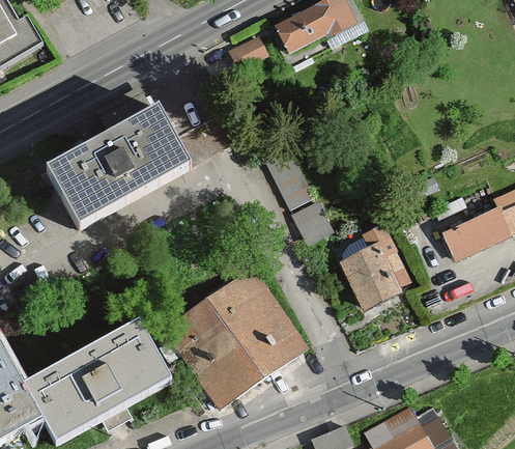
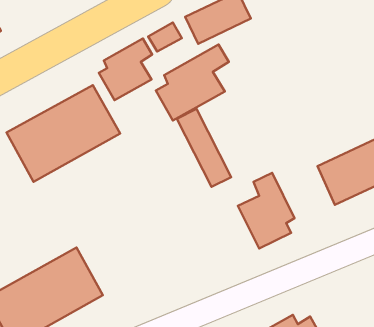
building: none -> [99,38,152,100]
building: none -> [156,44,229,120]
building: [162,269,310,412] -> none

